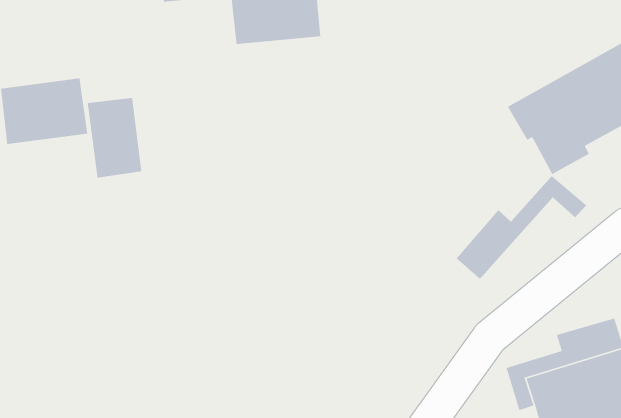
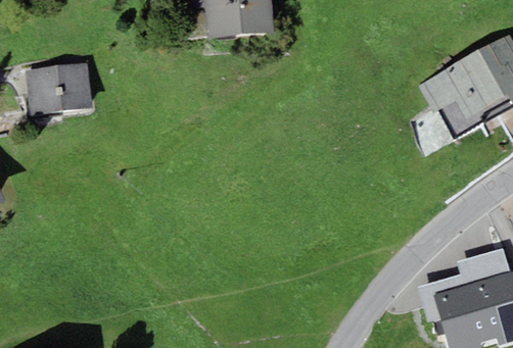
building: [87,97,142,178] -> none
building: [455,175,587,280] -> none

